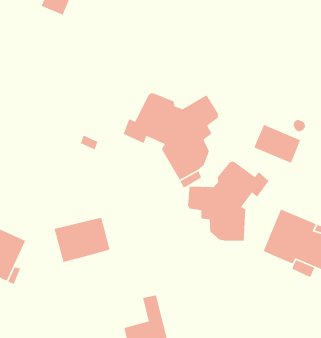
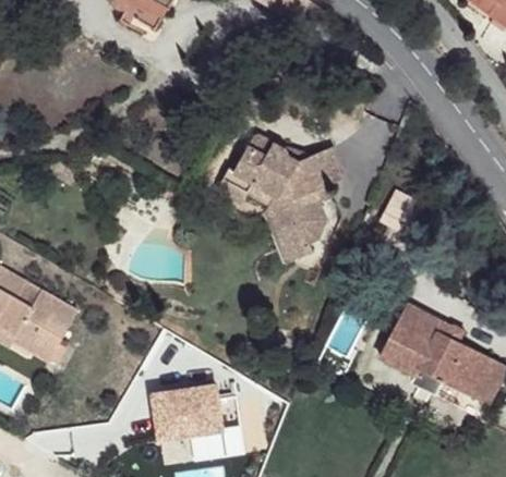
building: [187,161,270,242] -> none
building: [53,217,110,263] -> [154,384,224,438]

